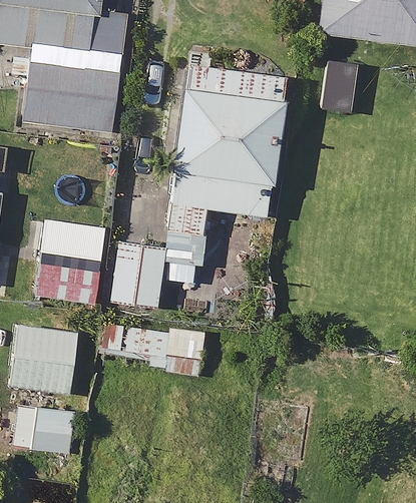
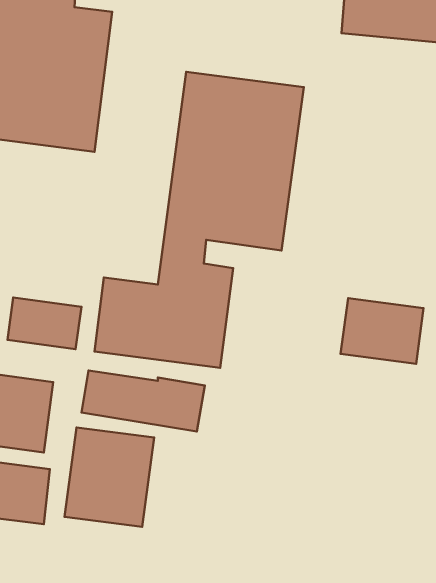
building: none -> [341,298,424,364]
building: none -> [64,428,154,527]

